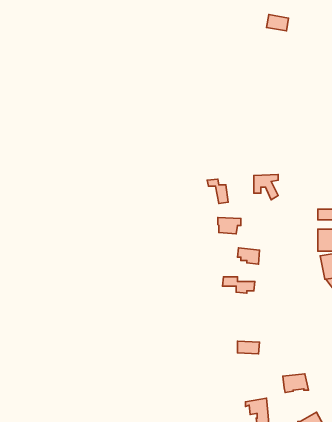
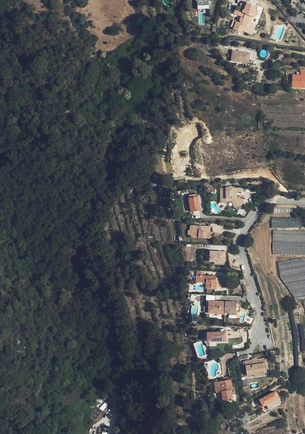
building: none -> [209,300,241,317]

